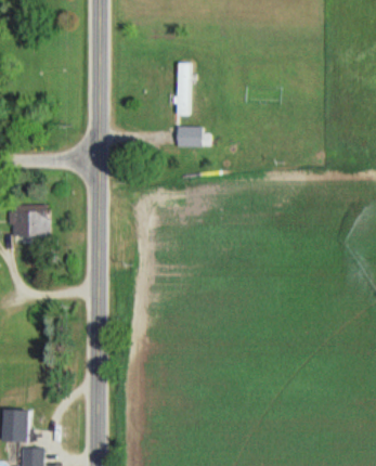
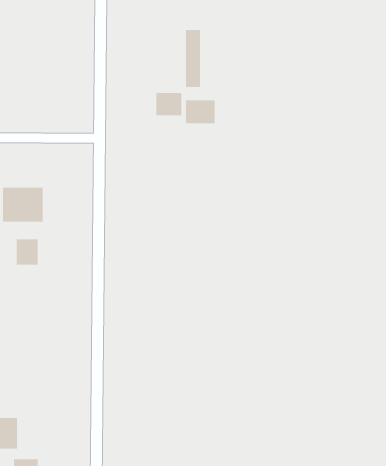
building: none -> [156,92,182,116]
building: none -> [16,238,38,265]

